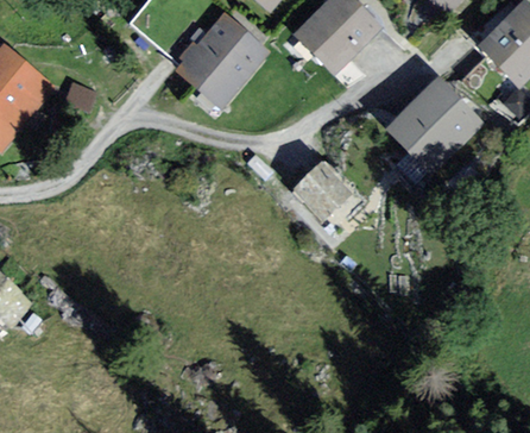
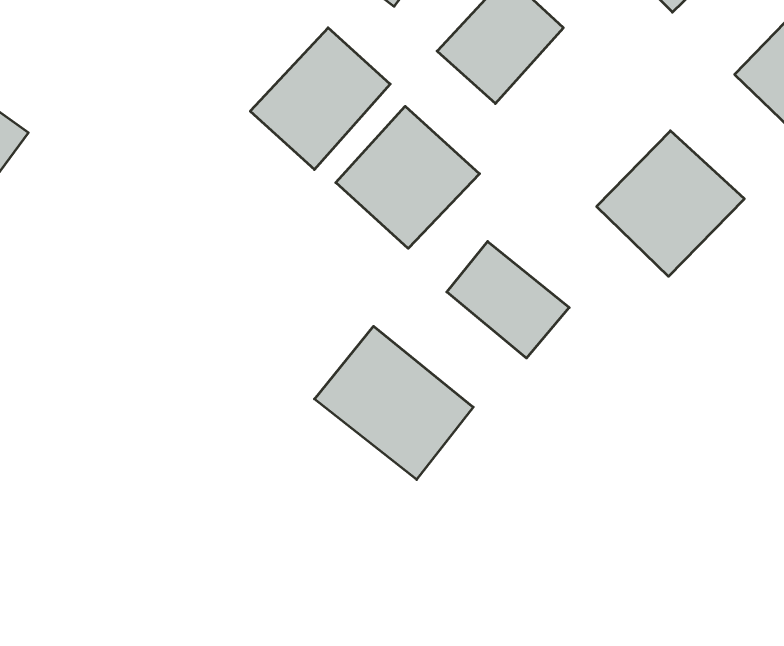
building: none -> [336,106,480,248]
building: none -> [314,326,473,480]

